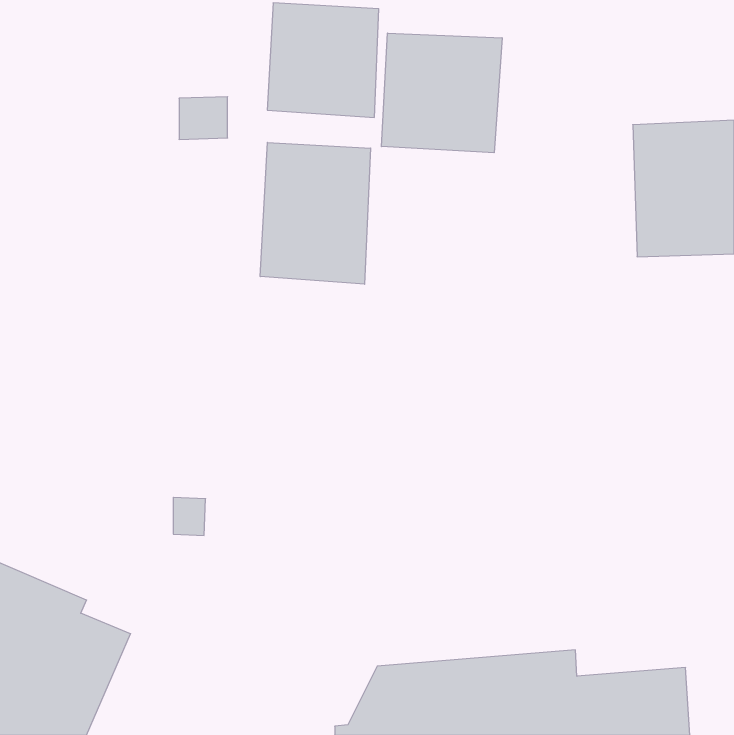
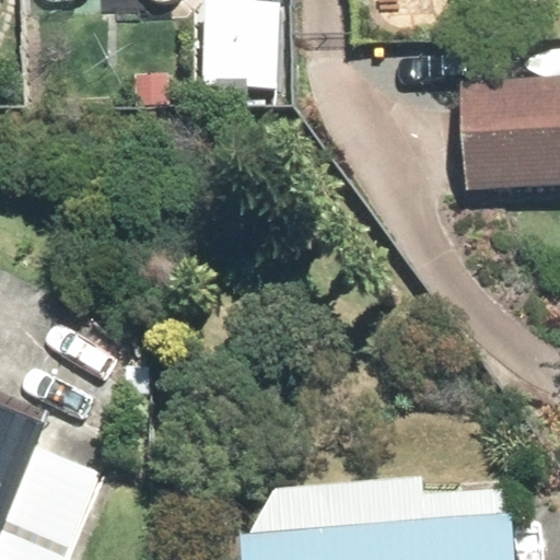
building: [381,33,502,153] -> none
building: [260,142,371,284] -> none

